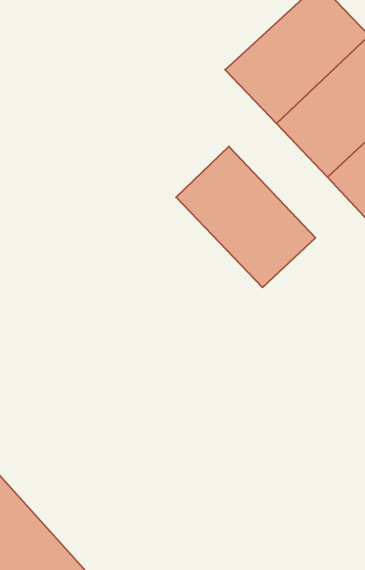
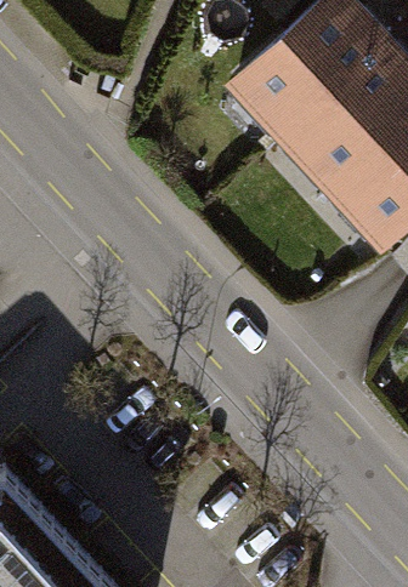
building: [176,146,315,287] -> none

